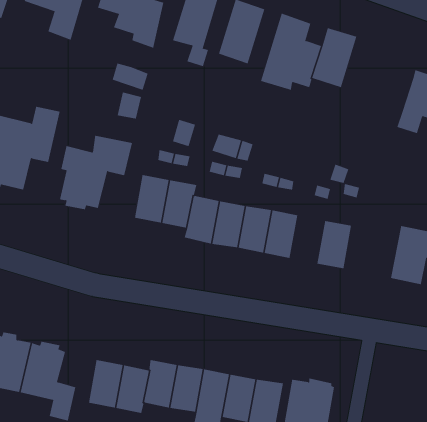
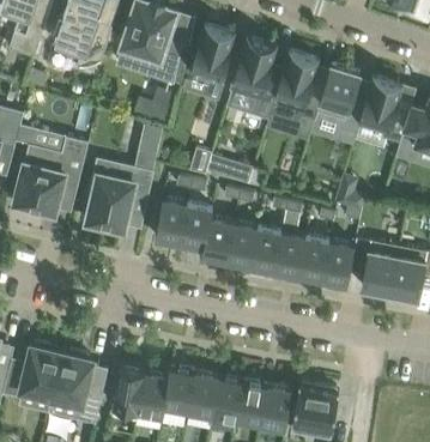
building: none -> [359,78,408,141]
building: none -> [297,236,328,280]
building: none -> [356,238,398,293]

